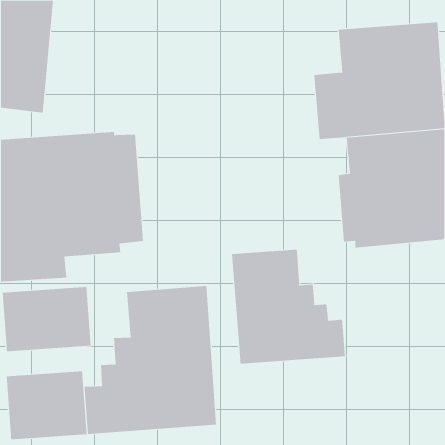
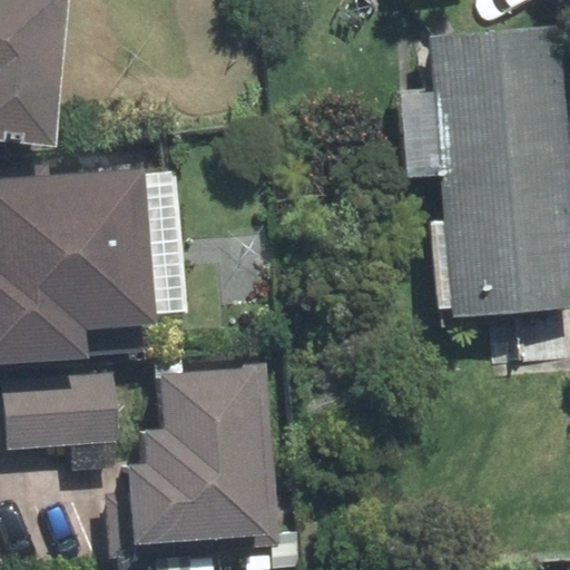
building: [232,249,345,364] -> none
building: [6,370,87,440] -> none

